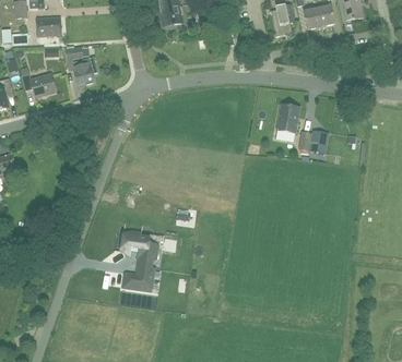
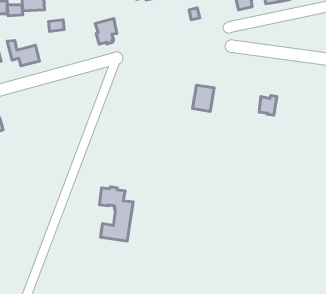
building: [72,55,96,83] -> [95,19,117,44]
building: [275,102,299,132] -> [193,85,214,112]

